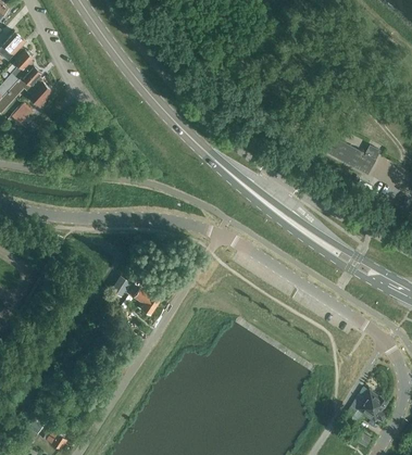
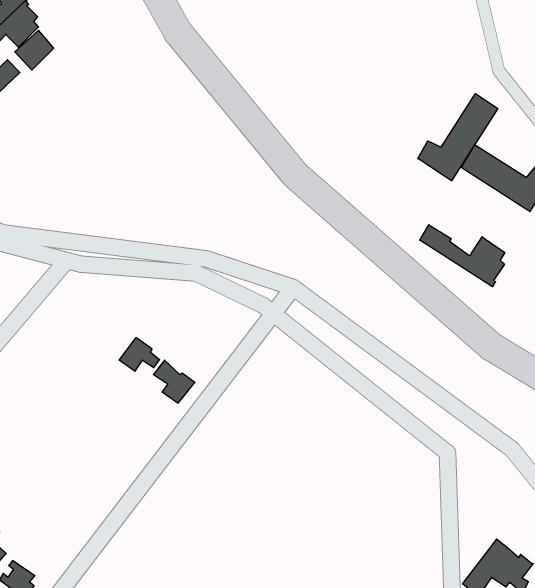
building: none -> [418,94,498,181]
building: none -> [420,225,505,287]

